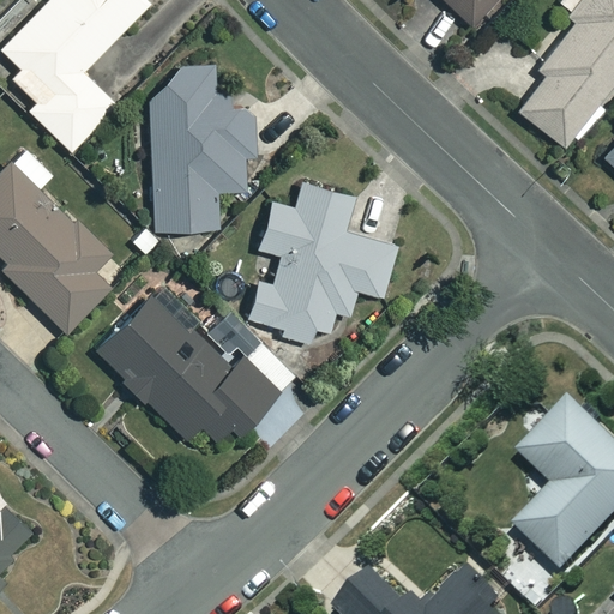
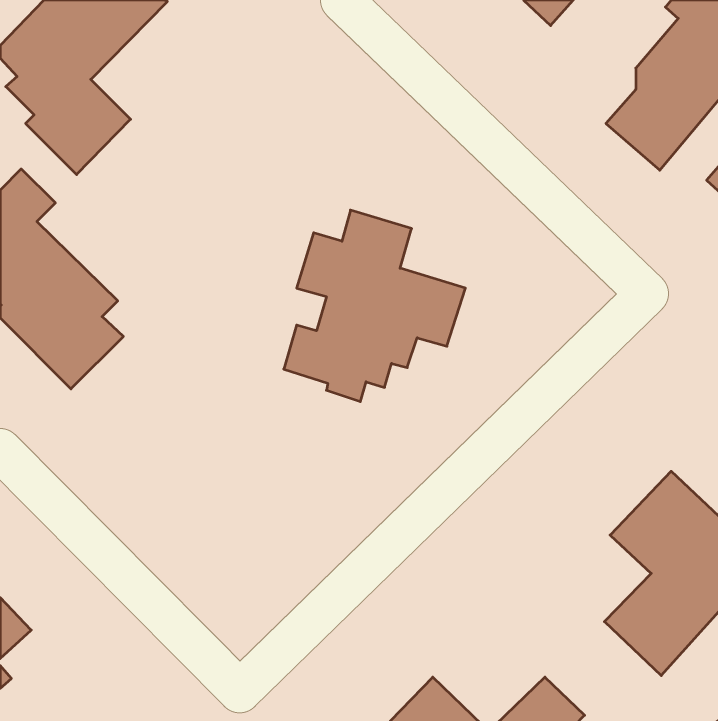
building: [151,58,254,228] -> none
building: [94,282,293,445] -> none

